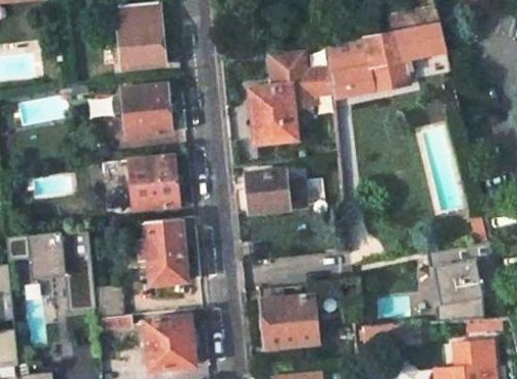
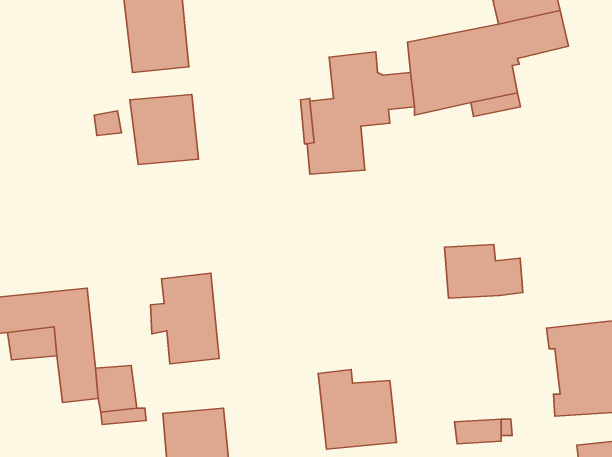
building: [128,157,178,210] -> none
building: [247,171,305,211] -> [444,244,523,298]

